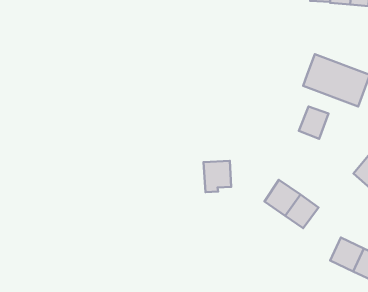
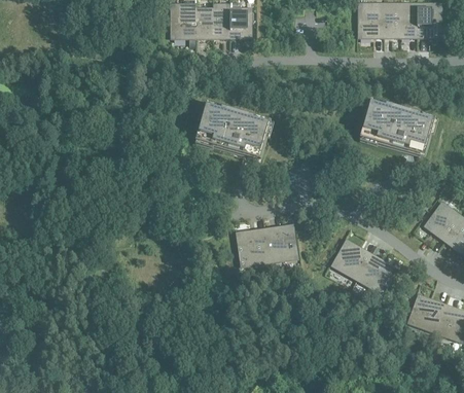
building: none -> [198,105,267,156]
building: [299,106,329,139] -> none
building: none -> [237,228,269,263]

